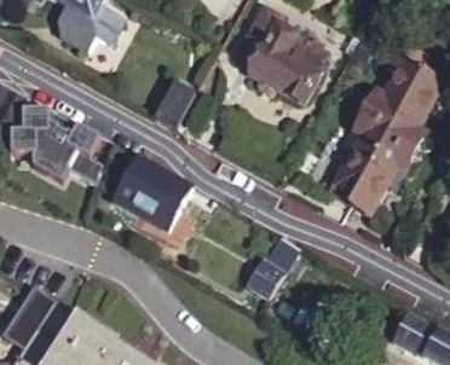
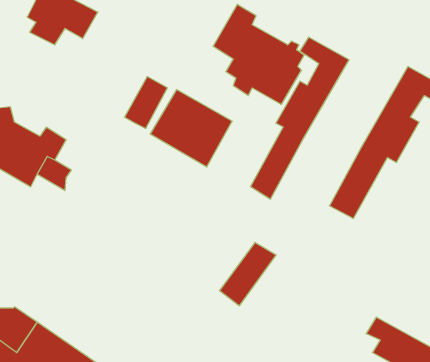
building: [333,46,427,201] -> [250,37,349,199]
building: [126,164,204,238] -> [150,90,232,167]

